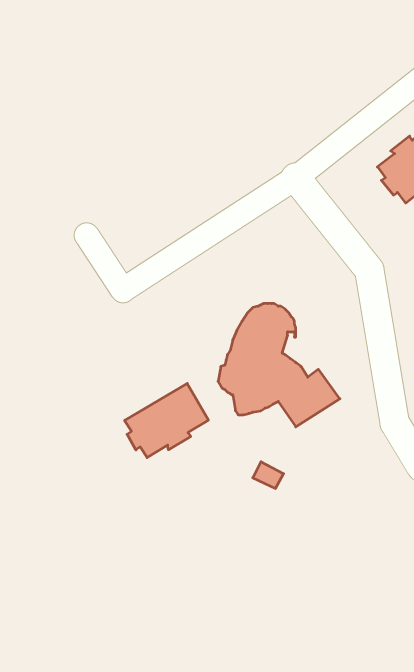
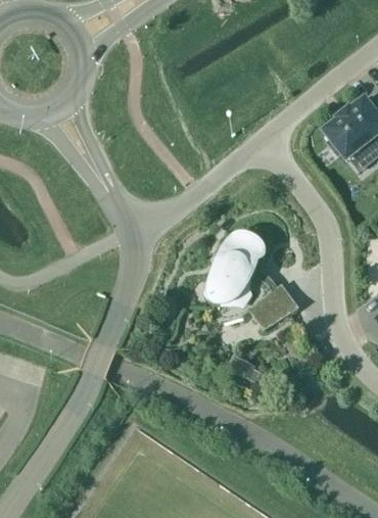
building: [125,383,208,458] -> none

